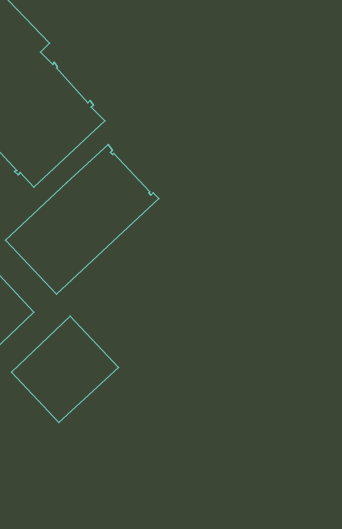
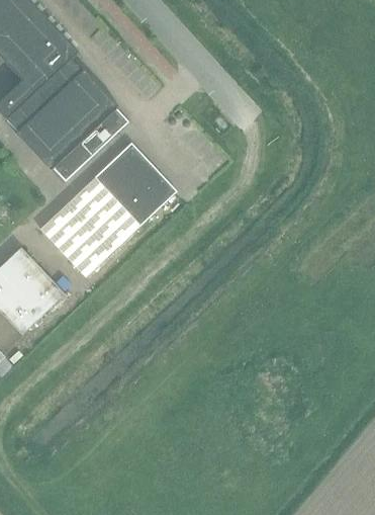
building: [12,316,118,423] -> none

